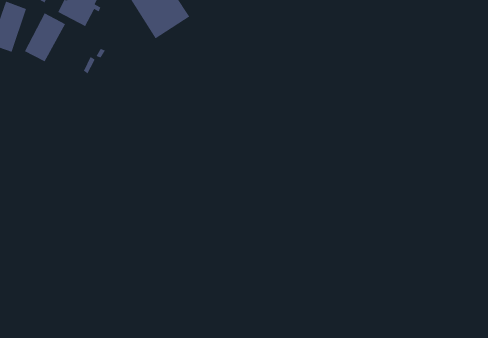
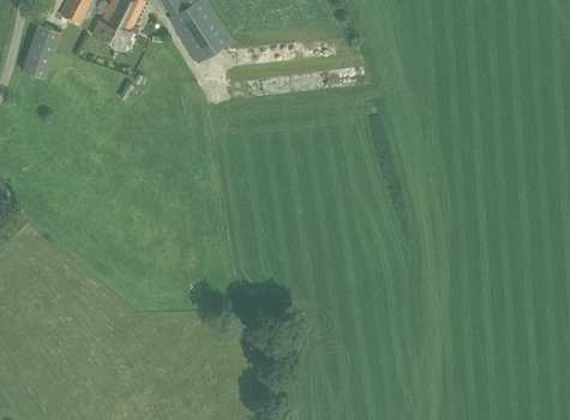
building: [24,13,66,62] -> none

